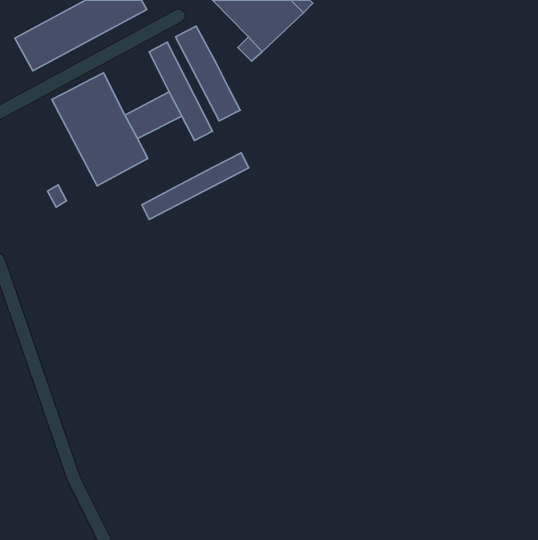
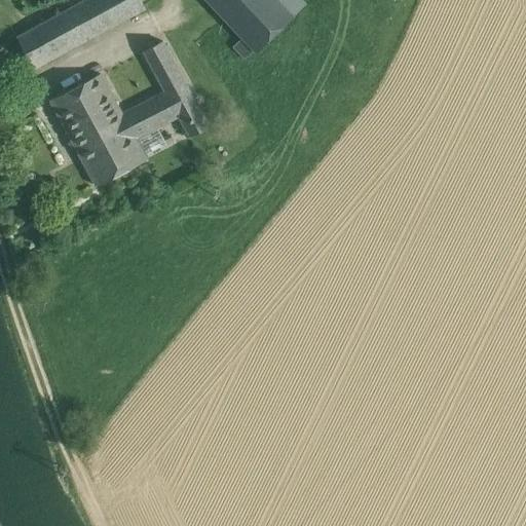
building: [175,26,240,121] -> none
building: [142,153,249,220] -> none

